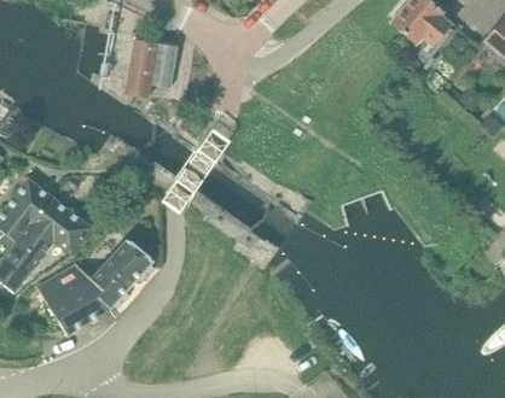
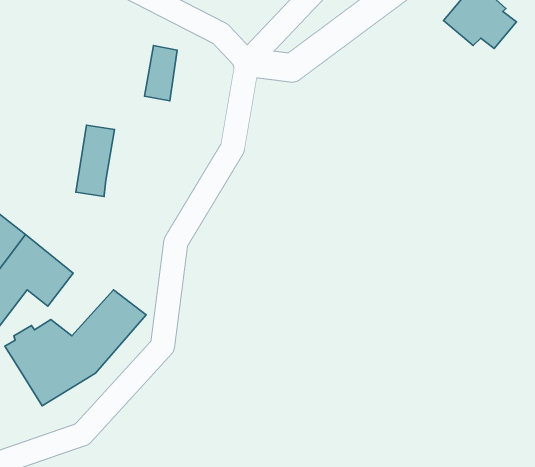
building: [124,39,156,96] -> [76,125,115,197]

